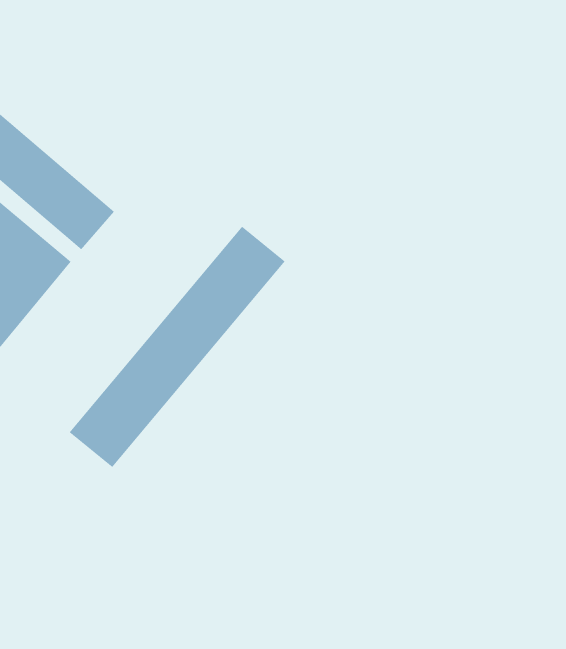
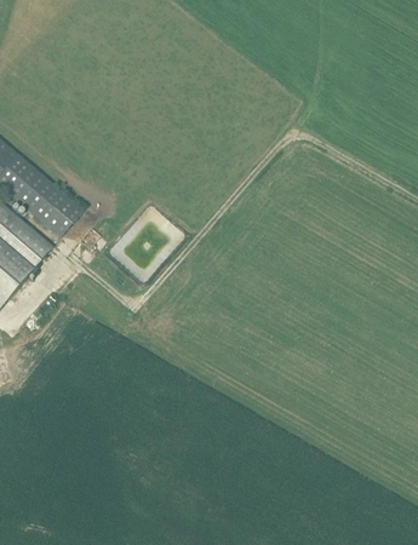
building: [69,226,285,468] -> none

